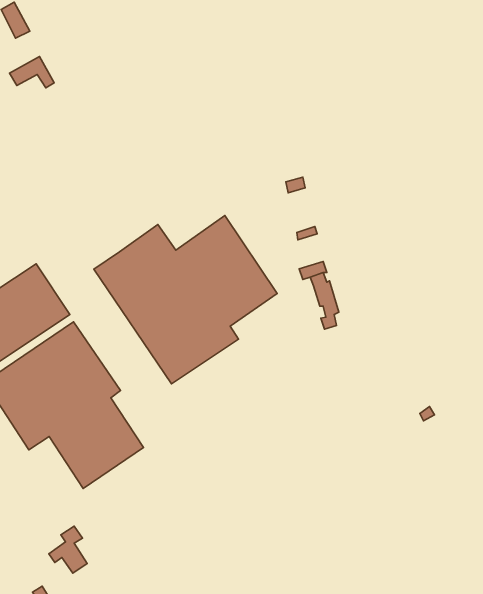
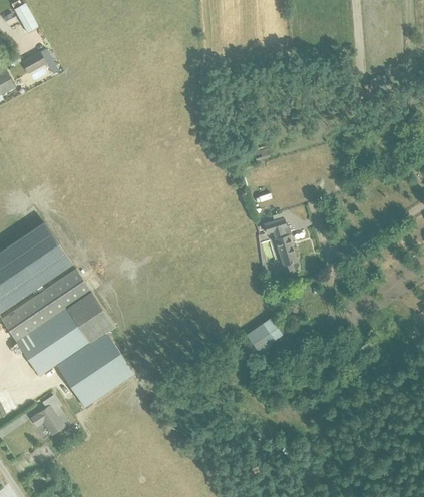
building: [94,216,277,384] -> none
building: none -> [248,317,286,352]
building: [49,526,87,573] -> [31,396,63,435]

